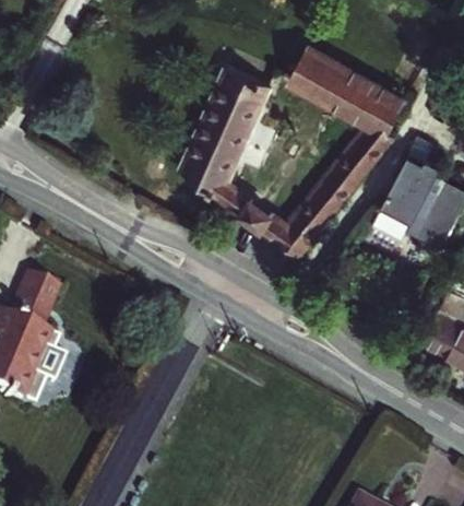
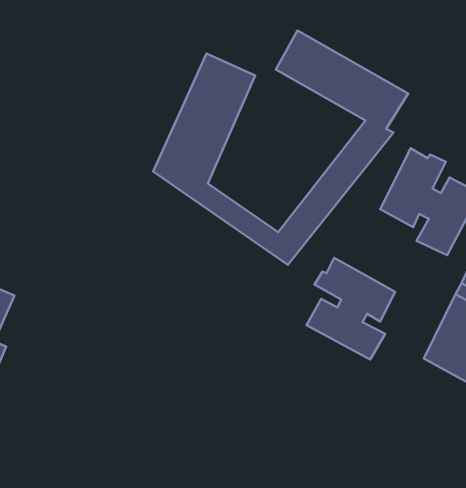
building: none -> [307,258,395,359]

